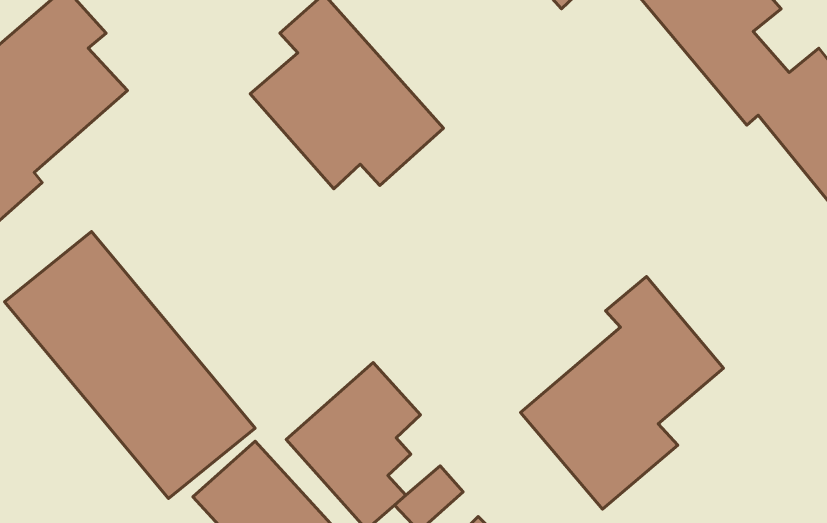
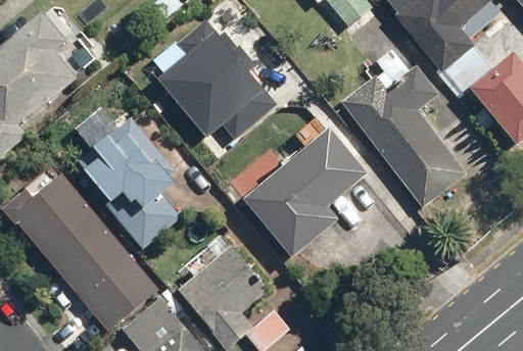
building: none -> [339,64,466,206]
building: none -> [84,115,184,248]
building: [520,277,724,509] -> [244,114,371,259]

